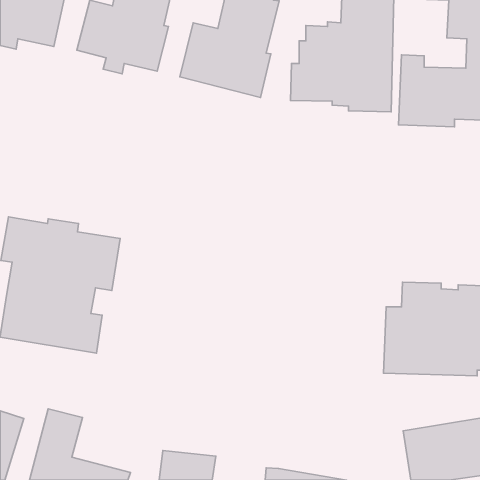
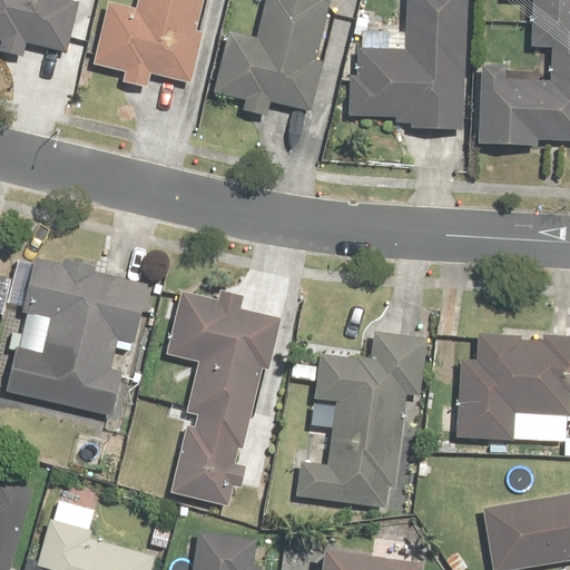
building: none -> [167,288,284,503]
building: none -> [295,334,426,507]

